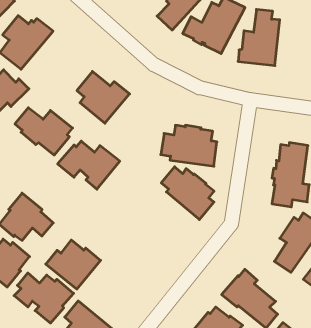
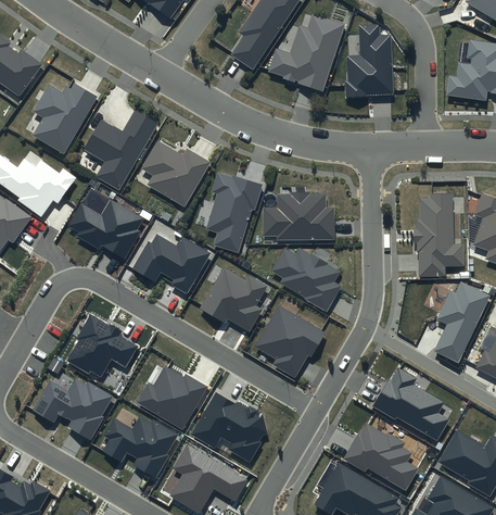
building: none -> [84,110,157,189]
building: none -> [205,172,263,252]
building: none -> [200,266,268,330]
building: none -> [254,304,326,377]
building: none -> [192,392,268,461]

